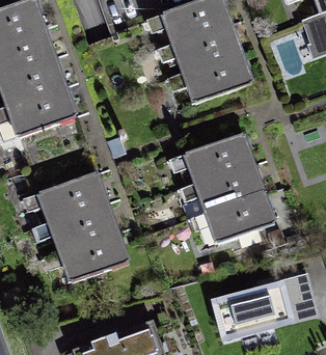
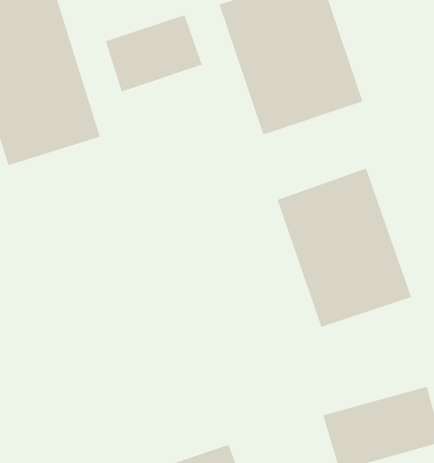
building: none -> [105,14,203,93]
building: [44,169,133,275] -> none

